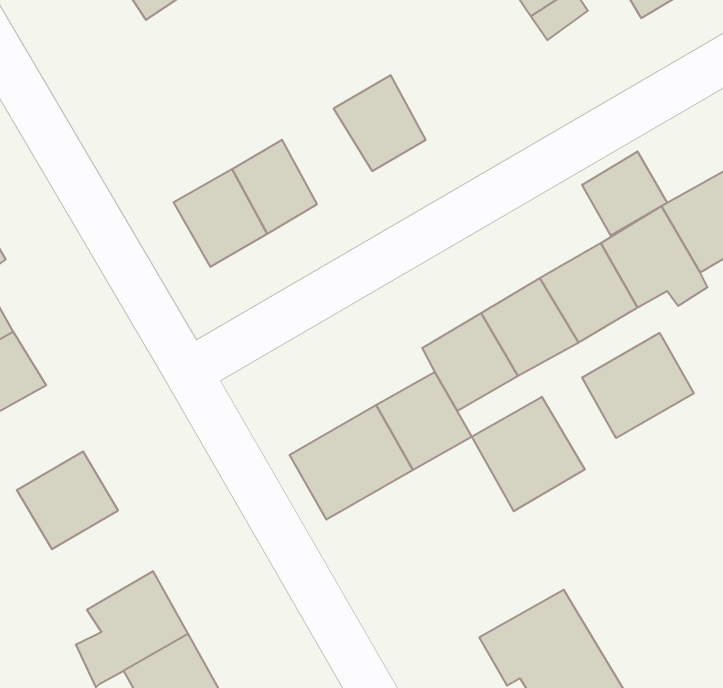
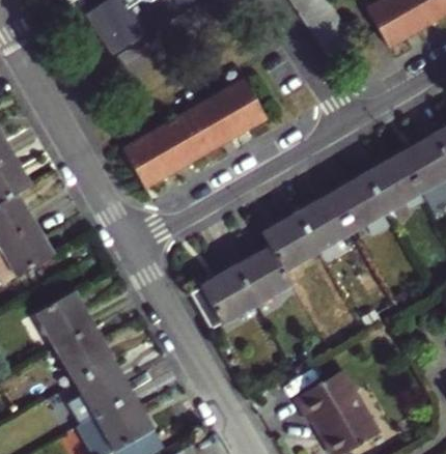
building: none -> [185,100,235,153]
building: [582,151,667,235] -> none
building: [582,333,694,438] -> none
building: [472,397,585,511] -> none
building: none -> [55,325,112,381]

